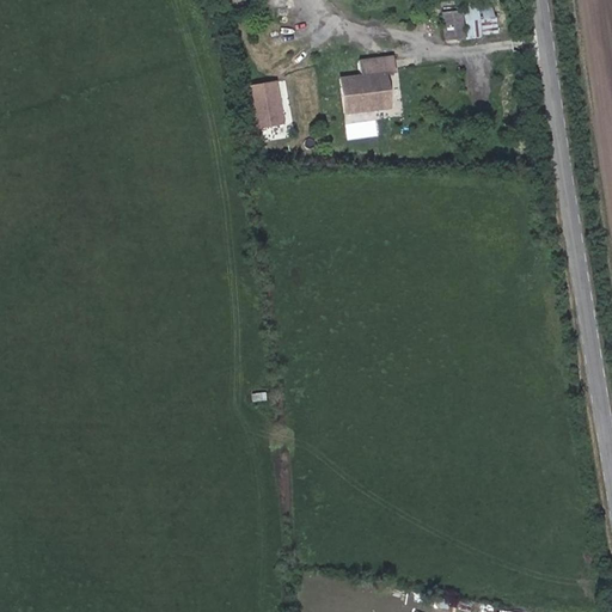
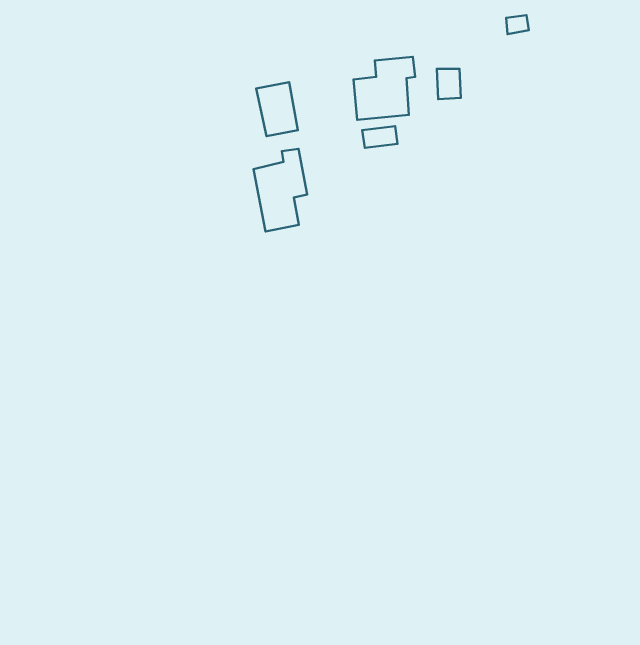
building: [443,12,466,41] -> [437,69,461,99]
building: none -> [254,149,307,231]

